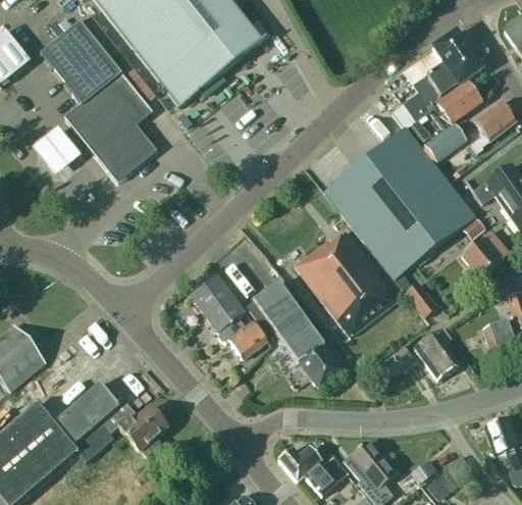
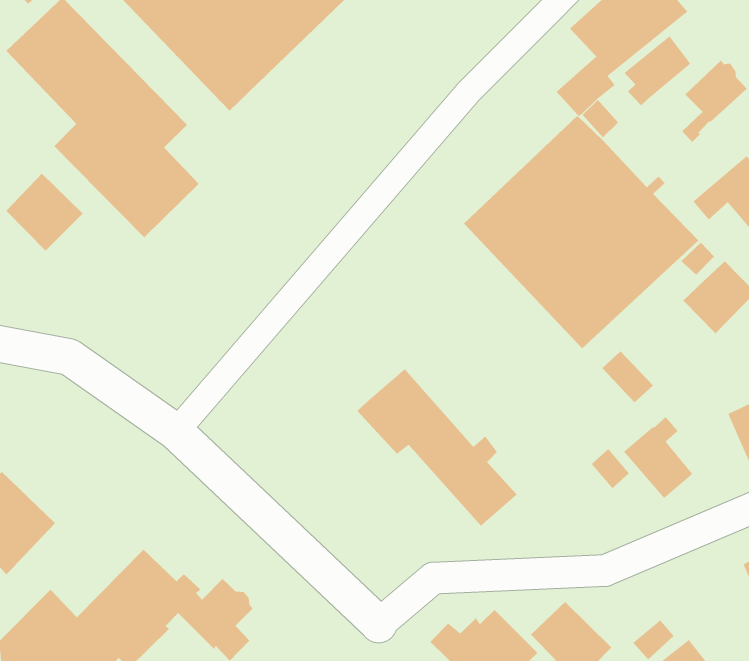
building: [424,121,466,161] -> none
building: [294,229,398,335] -> none
building: [190,273,267,358] -> none

